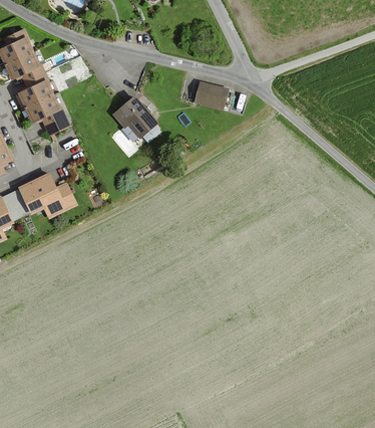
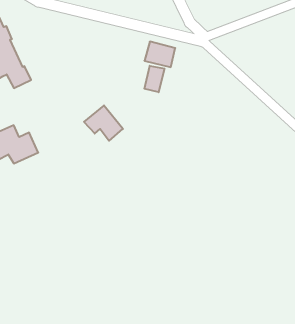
building: [111,95,154,135] -> [84,105,123,141]
building: none -> [144,66,164,92]

